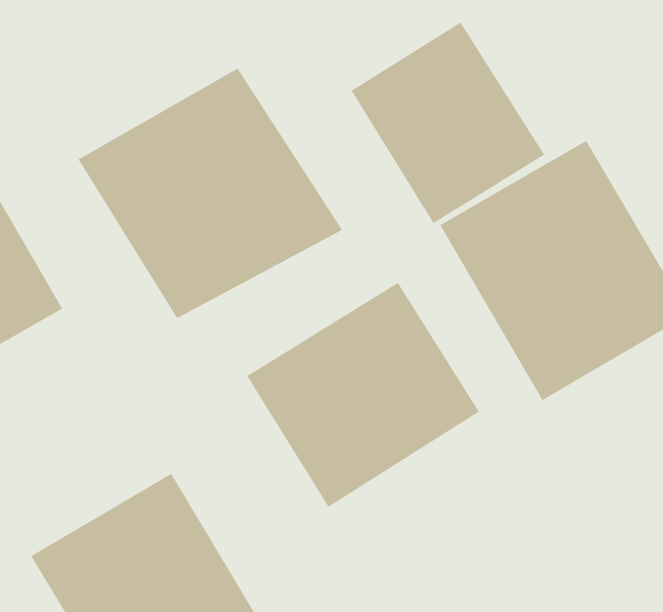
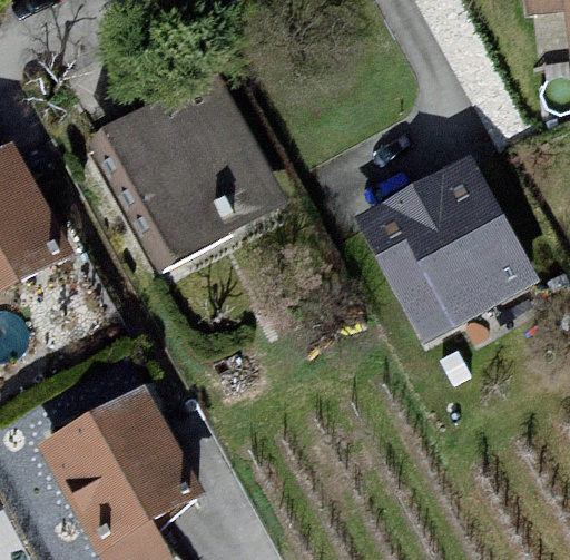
building: [351,21,545,224] -> none
building: [246,282,480,508] -> none

